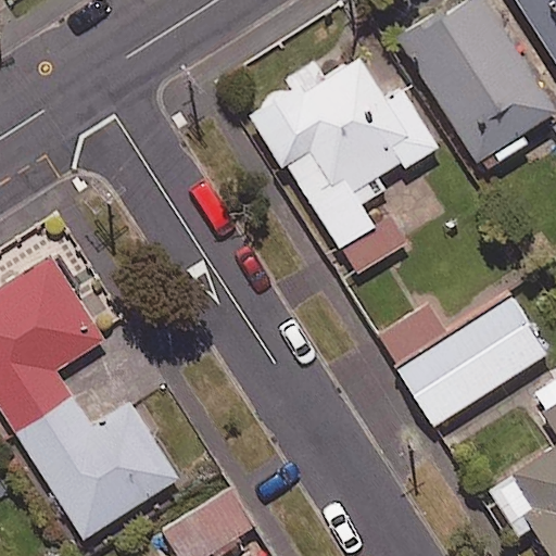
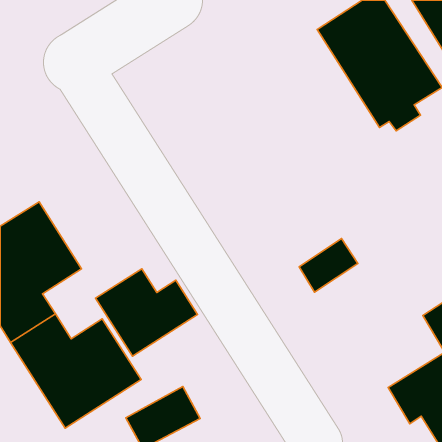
building: [245,56,438,274] -> none
building: [396,298,547,428] -> none
building: none -> [95,269,198,356]

